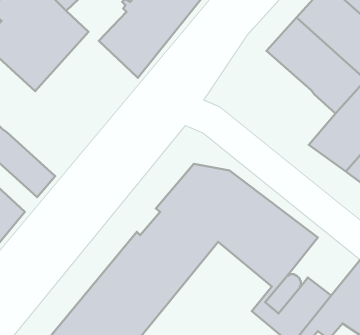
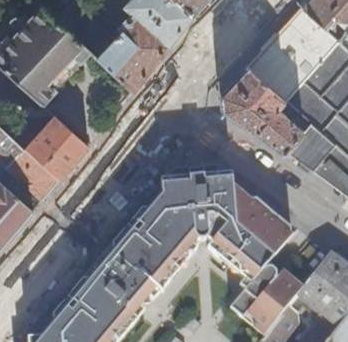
building: none -> [221,66,309,154]
building: none -> [15,115,86,178]

